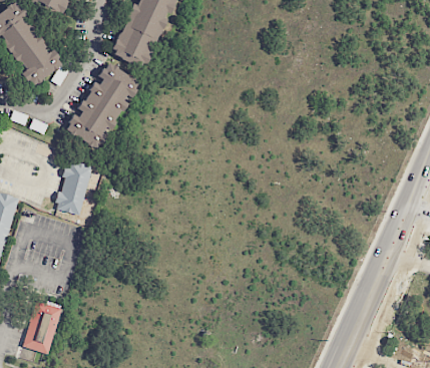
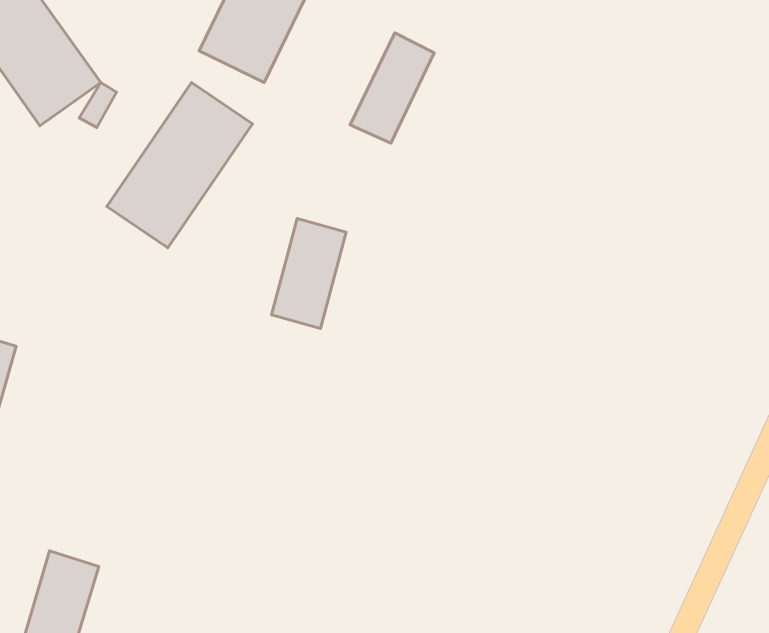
building: none -> [350,33,434,143]
building: [55,159,93,216] -> [271,218,346,329]

